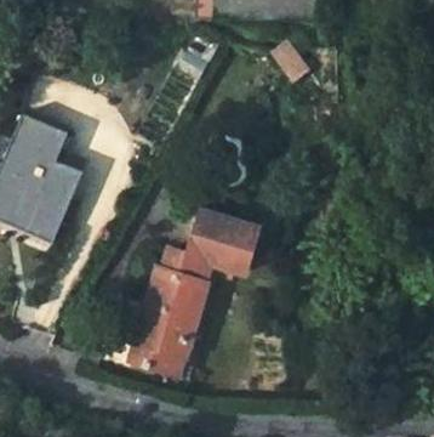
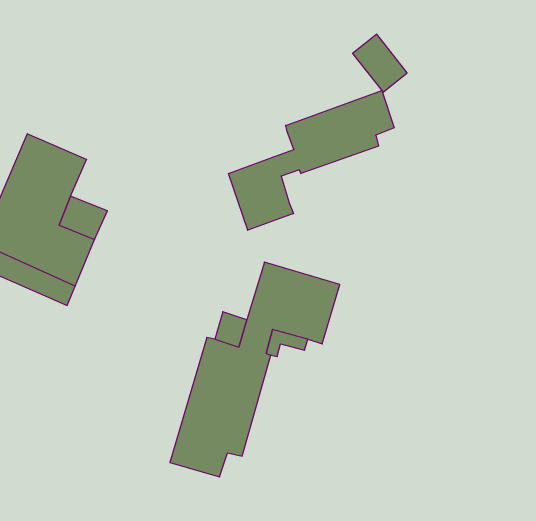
building: none -> [229,90,394,230]

